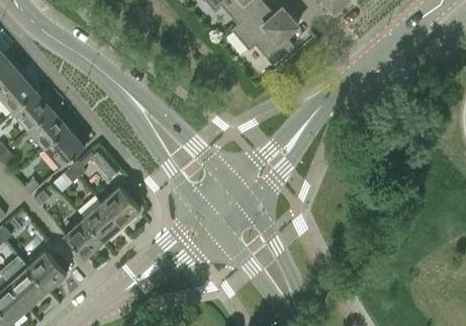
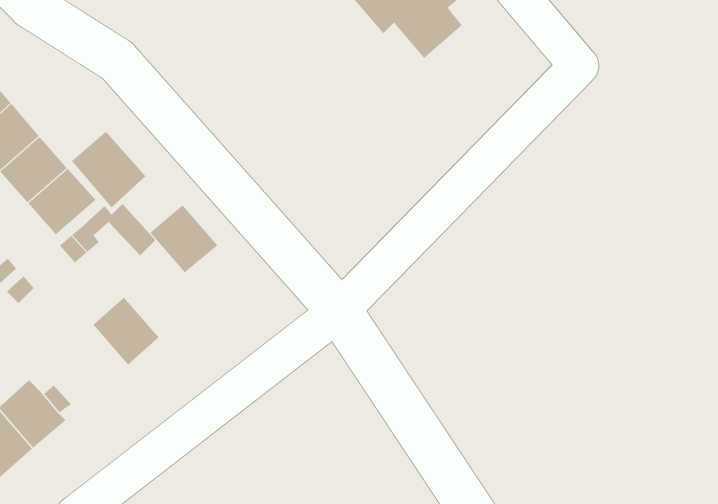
building: none -> [71,131,146,208]
building: [100,186,139,226] -> [149,204,218,273]
building: [64,219,102,258] -> none

